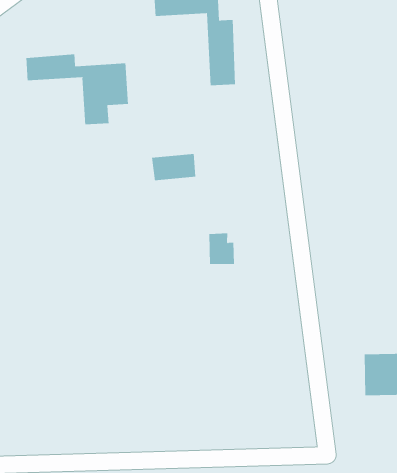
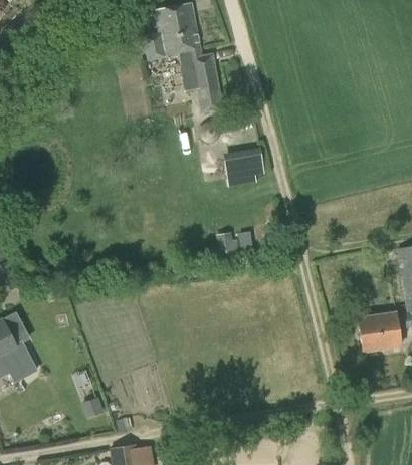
building: [26,53,128,125] -> none
building: [151,154,196,181] -> [225,152,264,179]

